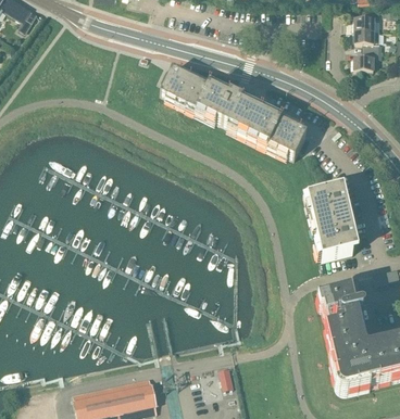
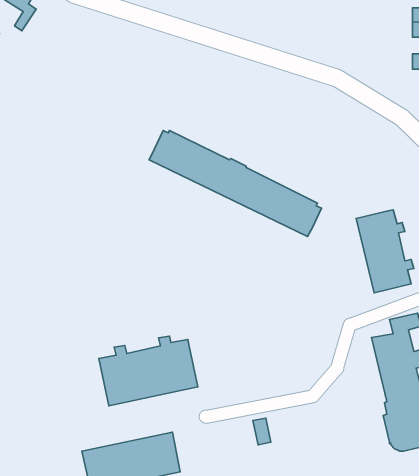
building: [160,67,307,157] -> [149,130,321,236]
building: none -> [99,336,198,406]

